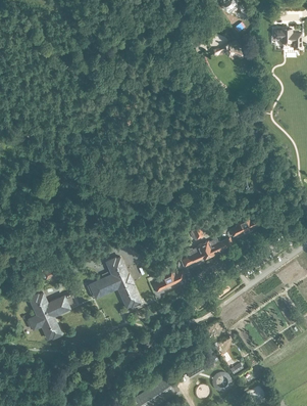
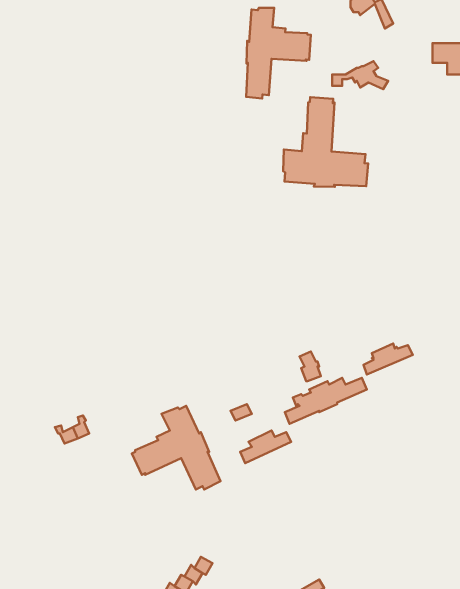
building: none -> [246,8,311,98]
building: none -> [283,97,368,187]
building: [25,290,75,339] -> none

